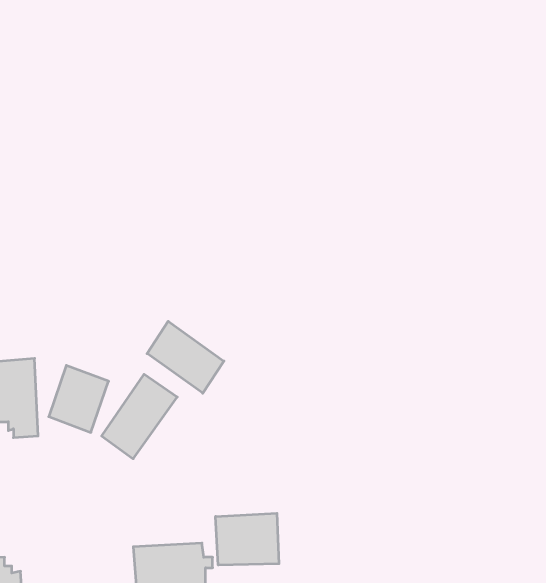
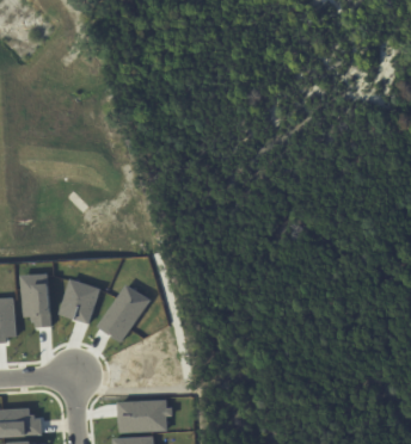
building: [147,321,224,393] -> none
building: [216,513,279,565] -> none

